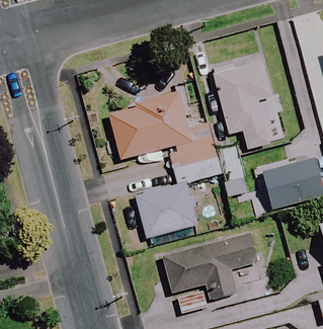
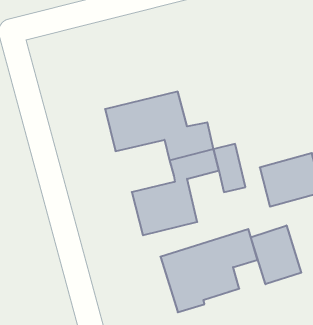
building: [213,60,269,149] -> none
building: none -> [251,225,301,284]

